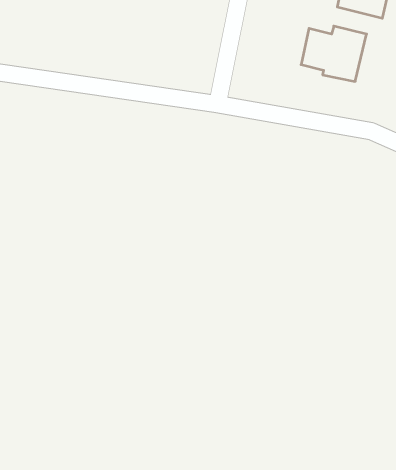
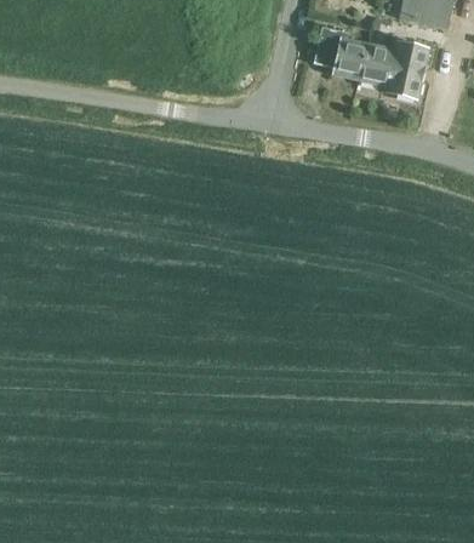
building: none -> [314,27,370,81]

